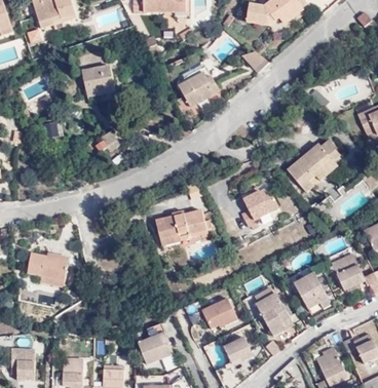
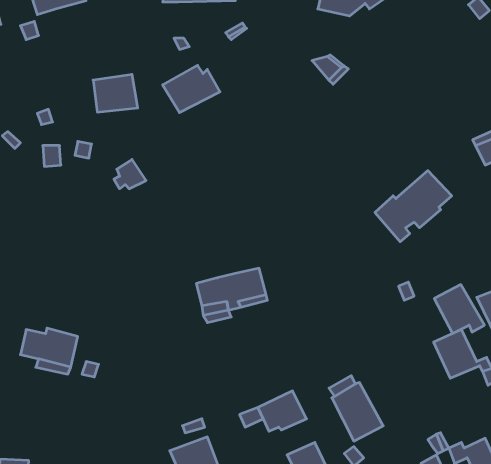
building: [178,71,220,106] -> [163,65,220,113]
building: [242,187,277,224] -> none
building: [294,274,331,310] -> [434,285,484,333]

